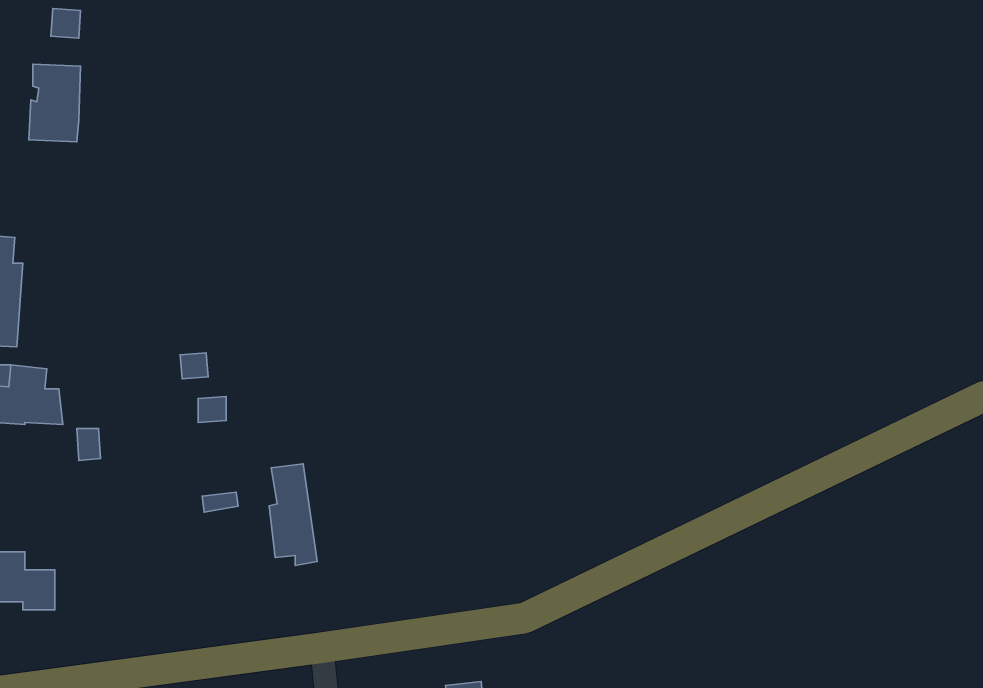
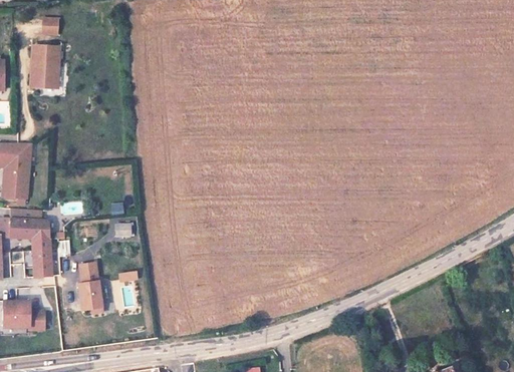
building: none -> [26,237,50,278]
building: [269,464,317,566] -> [77,265,101,316]

